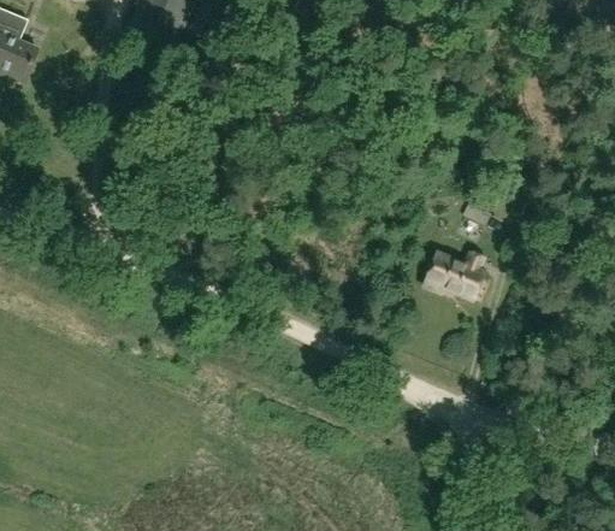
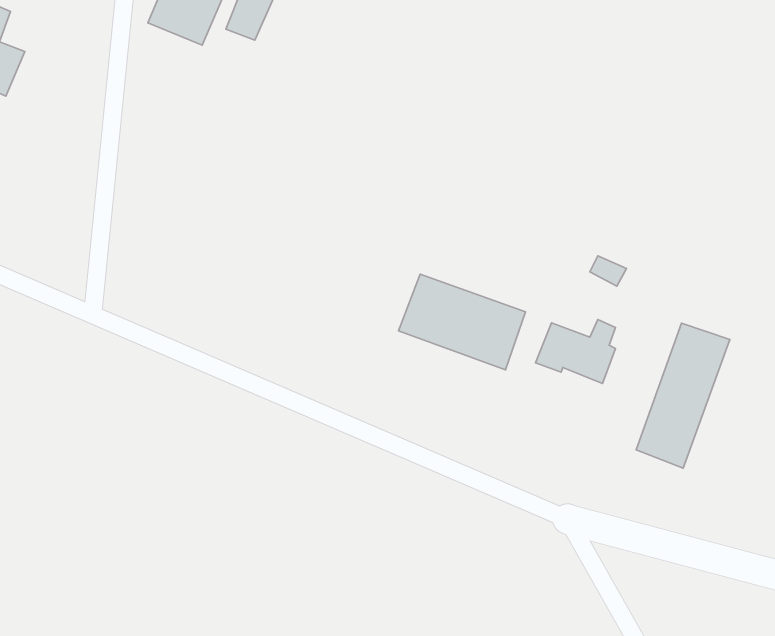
building: none -> [399,274,526,370]
building: none -> [636,323,730,468]

